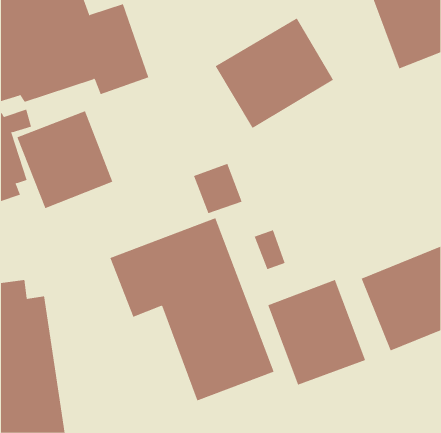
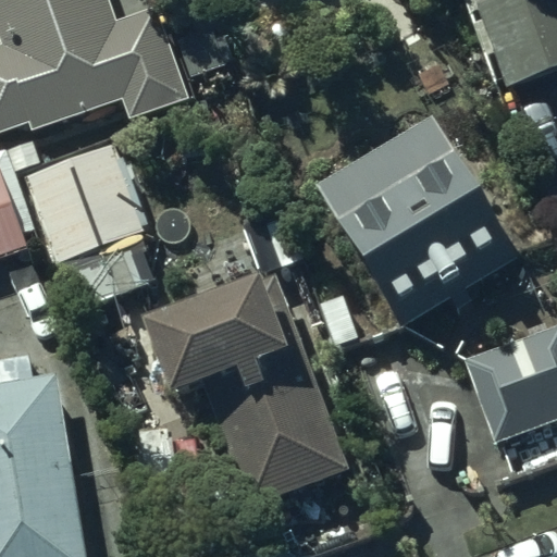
building: [215,17,334,129] -> none
building: none -> [321,120,513,320]
building: [268,279,366,385] -> none

